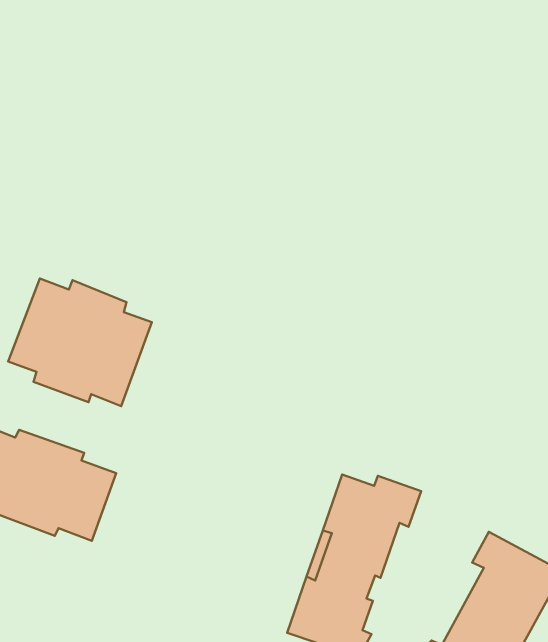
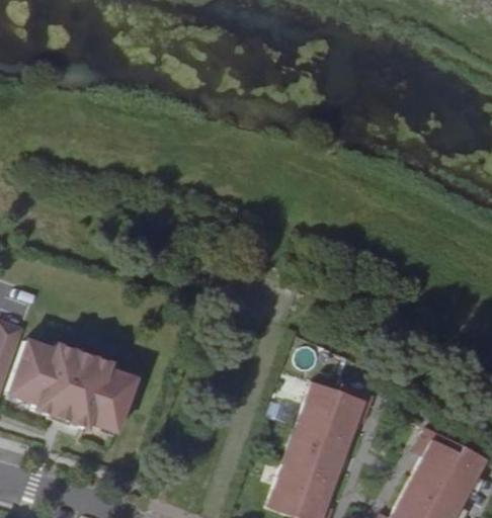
building: [8,279,152,406] -> none

